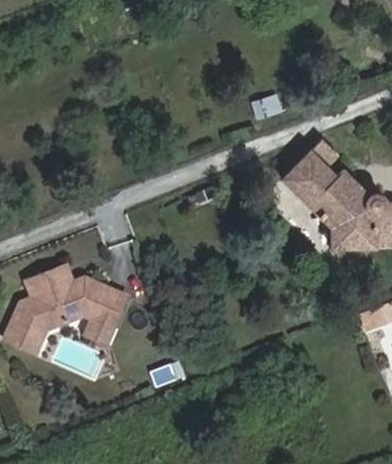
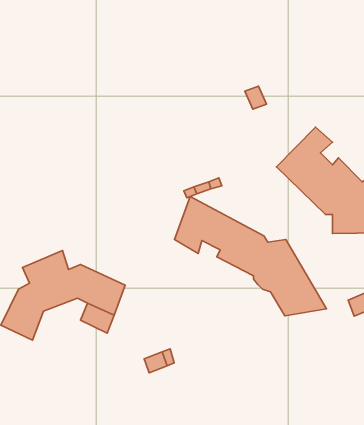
building: none -> [174,196,327,316]

